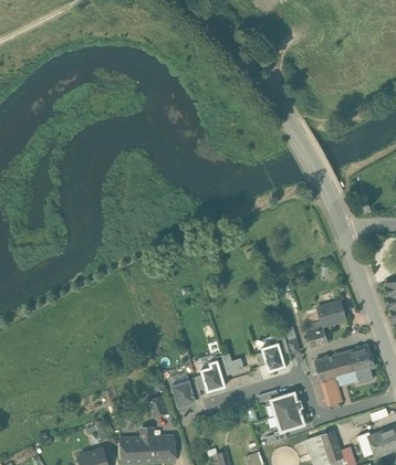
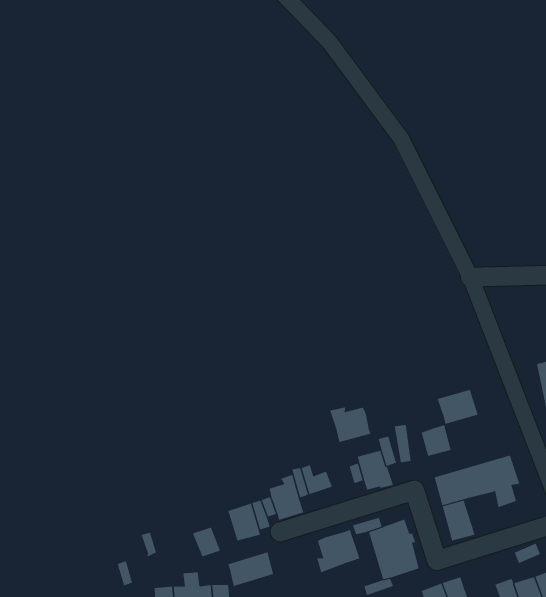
building: none -> [329,406,371,443]
building: none -> [316,529,360,573]
building: none -> [227,552,274,587]

